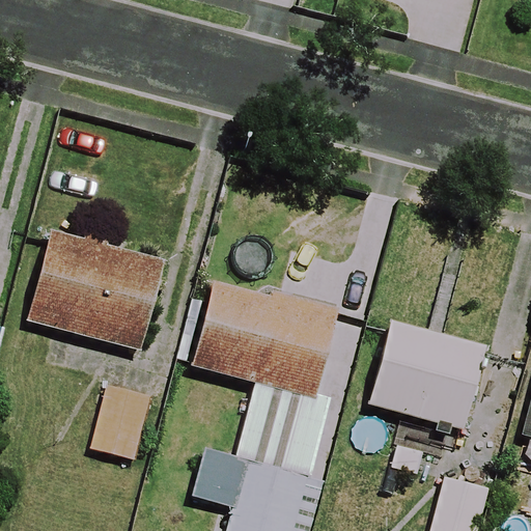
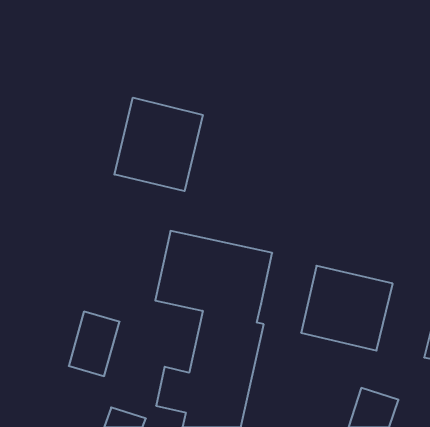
building: none -> [114,98,203,191]
building: [31,231,165,350] -> none

